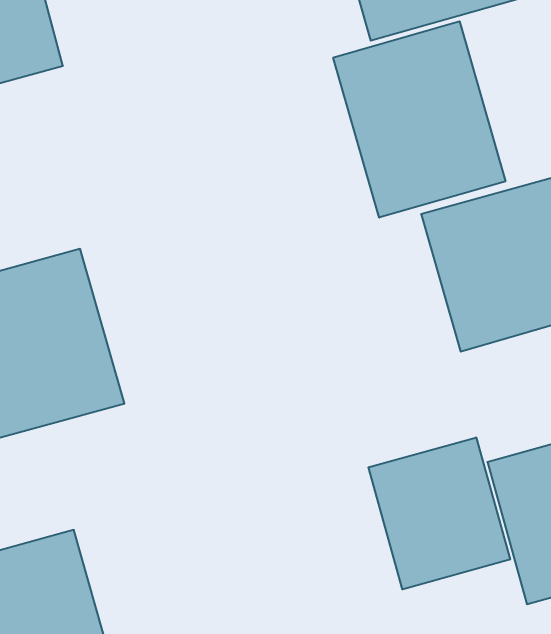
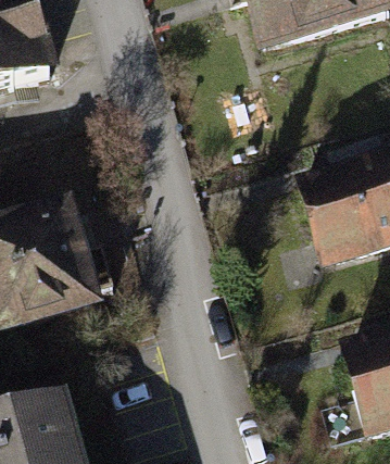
building: [333,21,505,218] -> none
building: [368,437,510,589] -> none

